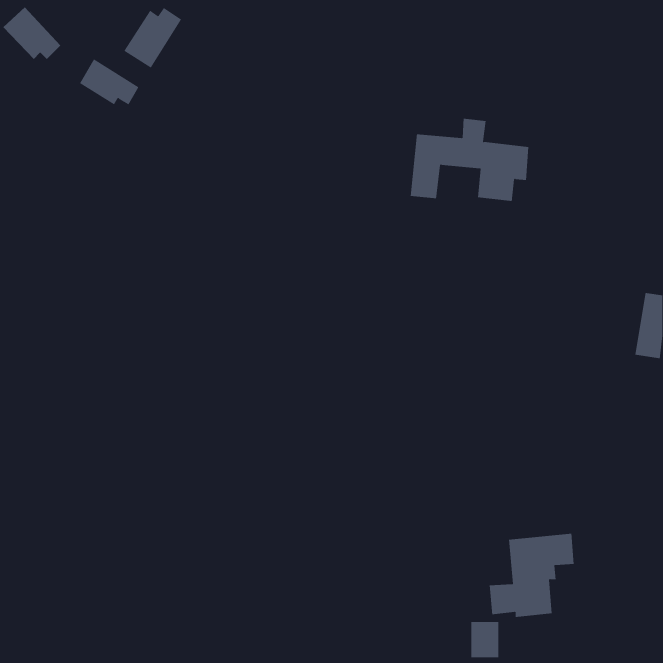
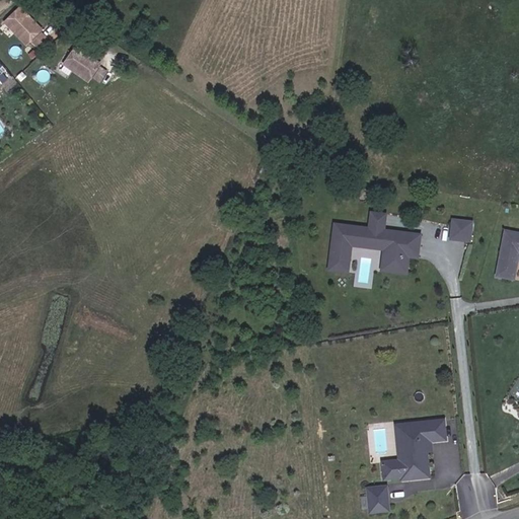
building: [123,7,182,68] -> none
building: [410,118,529,201] -> [327,211,421,276]
building: none -> [449,218,473,242]

